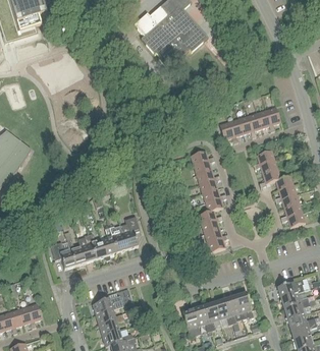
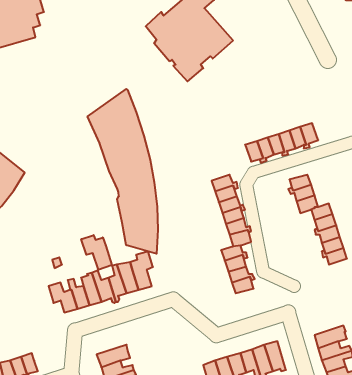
building: none -> [88,89,158,254]
building: none -> [81,235,112,270]

